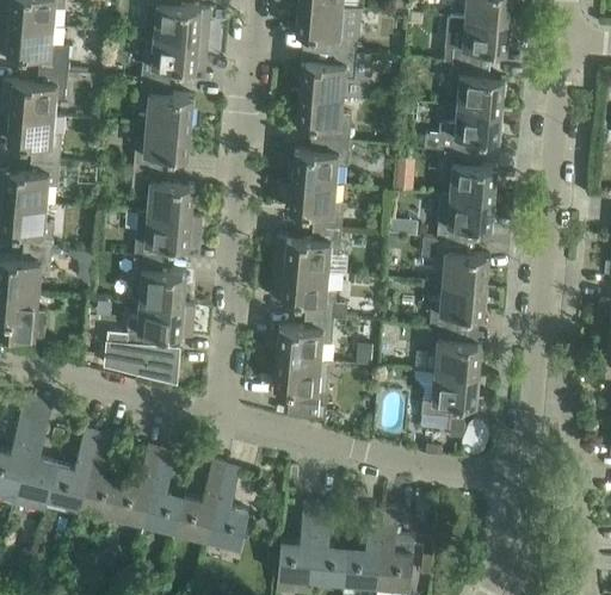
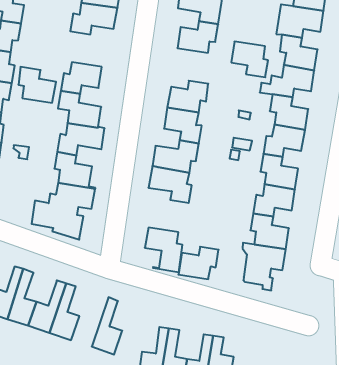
building: [138,81,193,130] -> [18,67,56,103]
building: [296,94,350,143] -> [231,42,268,77]
building: [276,317,332,364] -> [178,247,219,279]
building: [174,463,224,540] -> none

